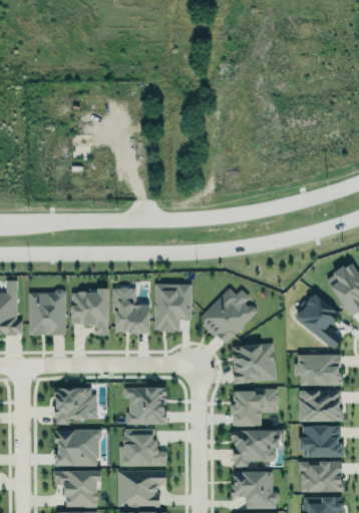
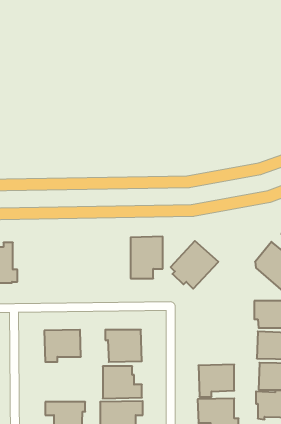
building: [112,286,153,333] -> none
building: [29,289,67,335] -> none
building: [71,292,108,337] -> none
building: [234,343,278,385] -> none
building: [230,388,278,425] -> none
building: [54,430,99,468] -> none

